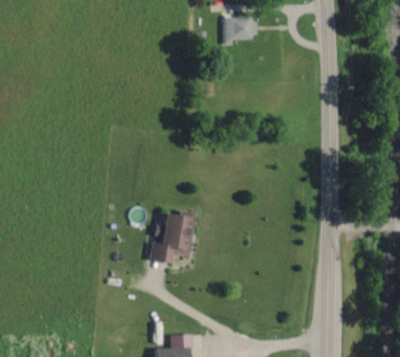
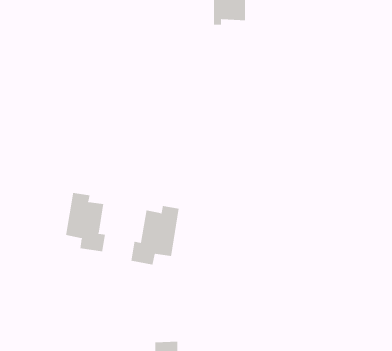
building: none -> [65,192,105,252]

